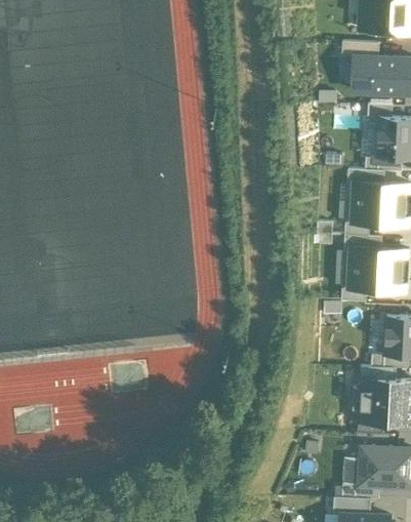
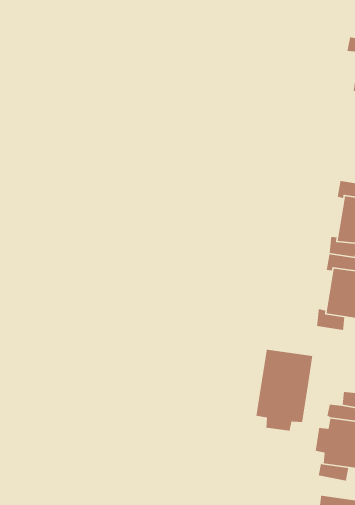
building: none -> [256,349,313,432]

